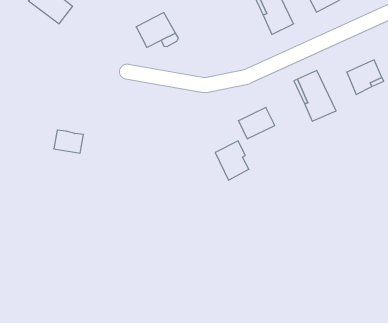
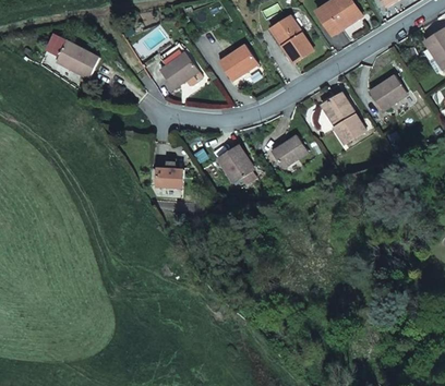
building: none -> [217,45,256,82]
building: [54,130,84,153] -> [155,169,182,189]
building: [215,141,249,180] -> [216,145,251,184]

